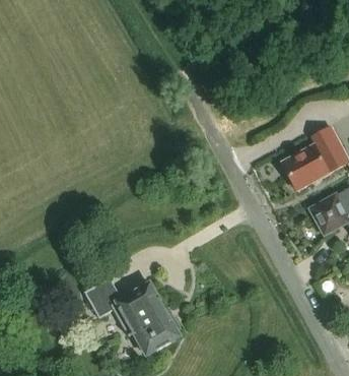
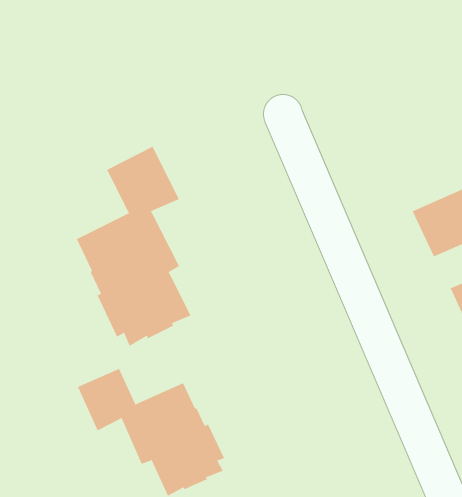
building: none -> [76,146,191,347]

